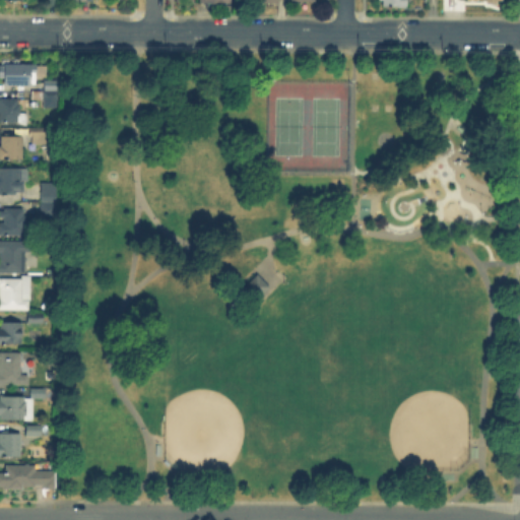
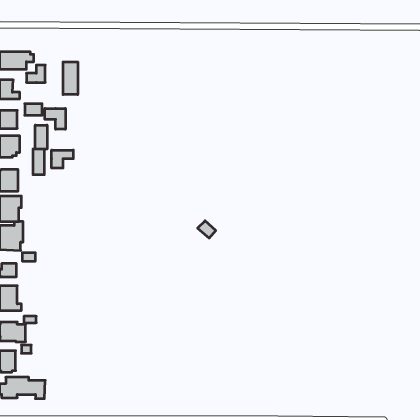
building: none -> [63,62,78,95]
building: none -> [45,108,65,129]
building: none -> [35,125,47,149]
building: none -> [52,150,73,168]

